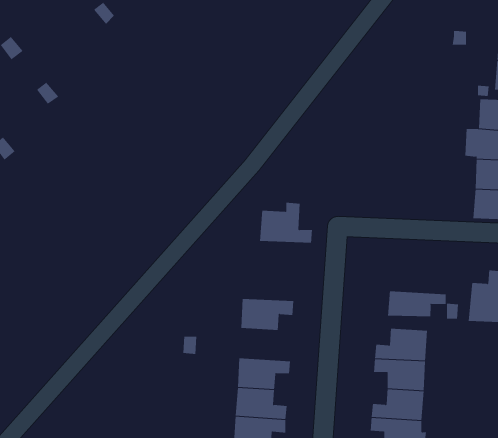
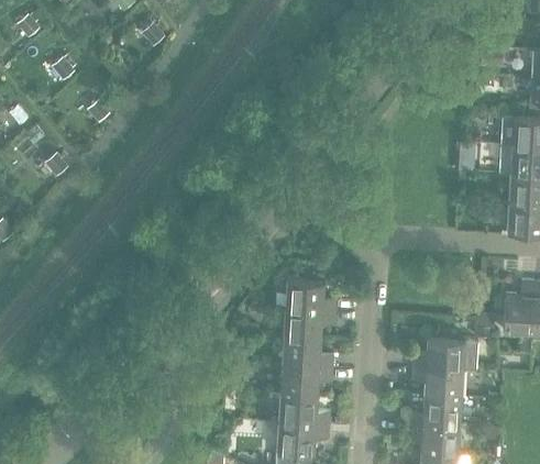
building: [259,202,313,243] -> [285,272,337,311]
building: [388,290,446,317] -> none
building: none -> [282,338,332,369]

